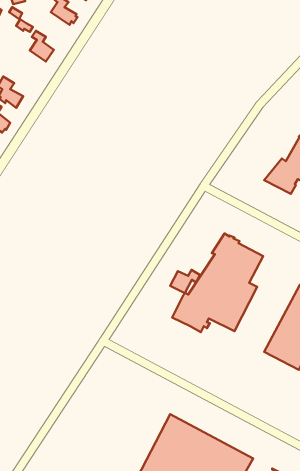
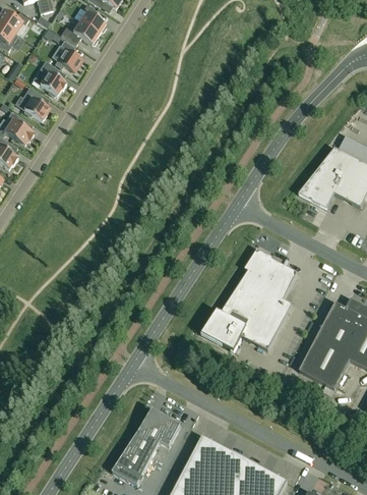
building: none -> [64,16,98,43]
building: none -> [38,59,65,95]
building: [170,270,200,293] -> none
building: none -> [111,407,180,484]

